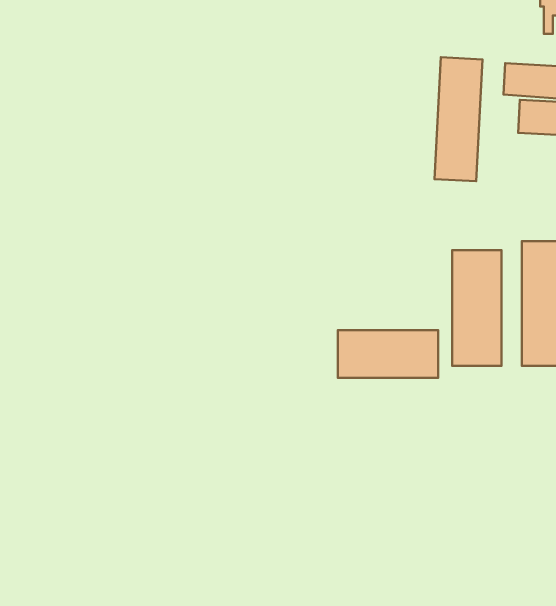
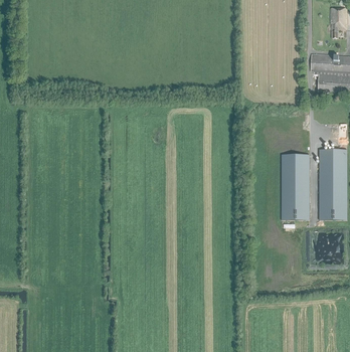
building: [435,57,483,181] -> none
building: [338,330,438,378] -> none

